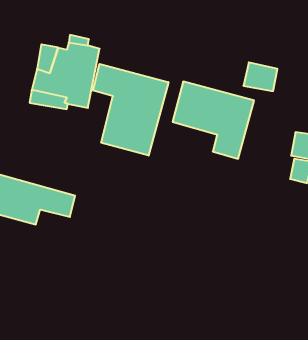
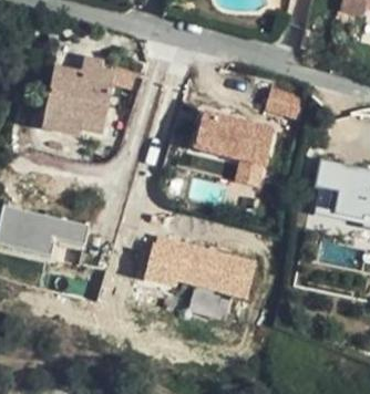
building: [93,64,168,156] -> none
building: none -> [116,231,257,311]

